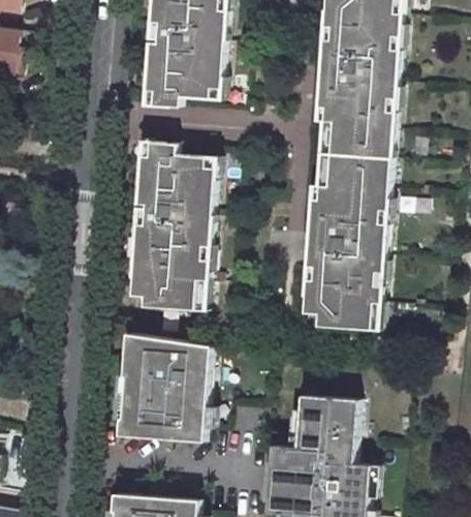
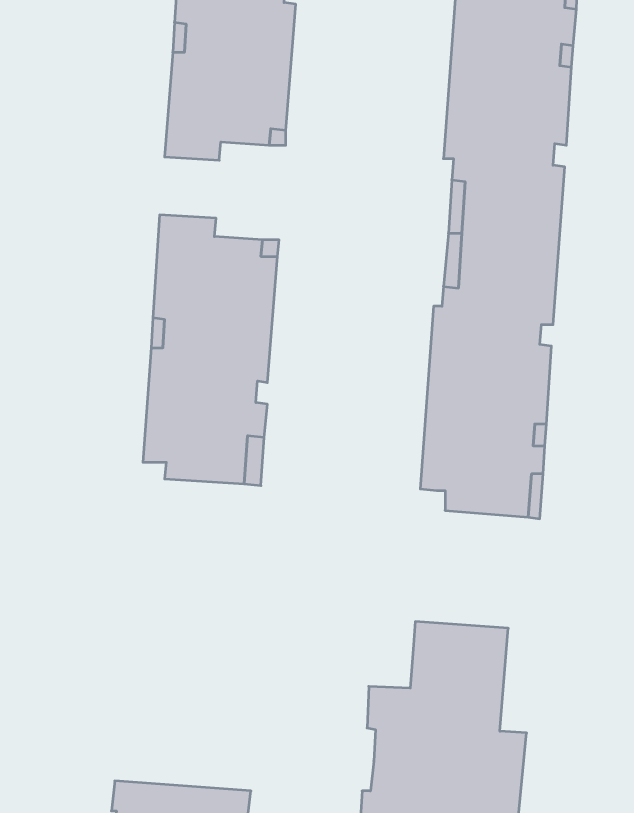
building: [118,334,211,442] -> none

